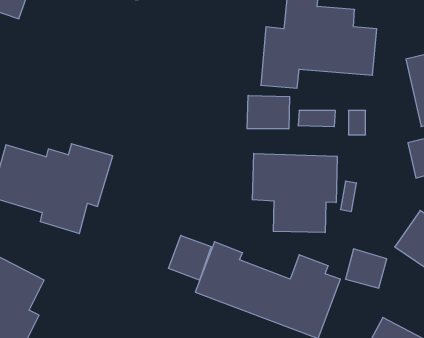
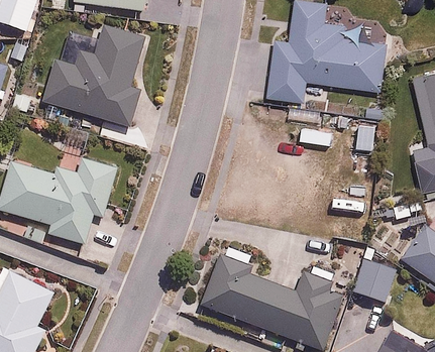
building: none -> [40,27,141,130]
building: [247,95,290,129] -> none
building: [252,153,337,233] -> none
building: [169,235,211,280] -> none

